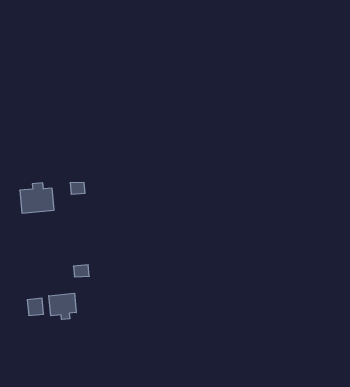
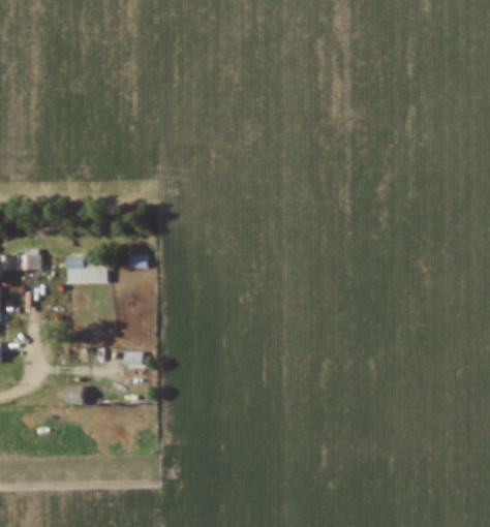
building: [49,293,76,319] -> none

